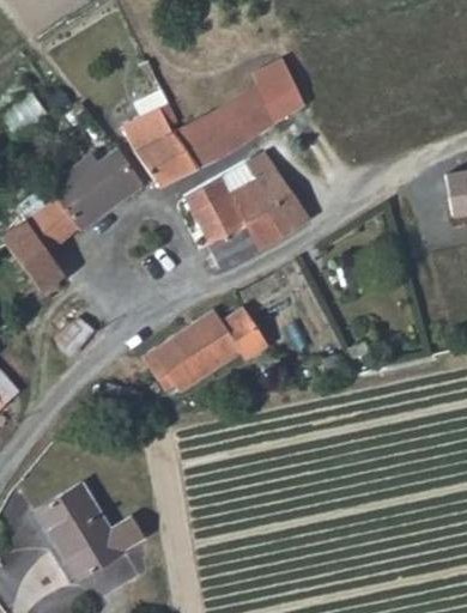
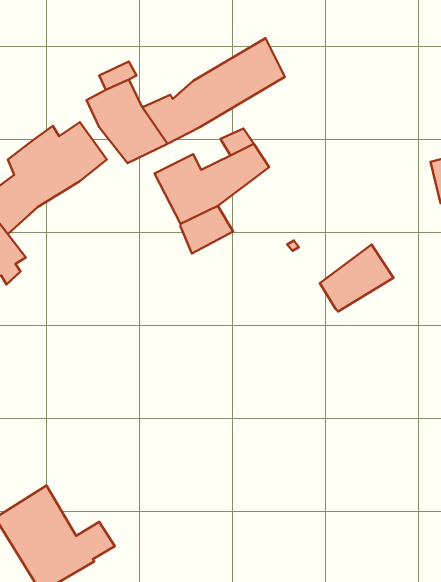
building: [242,188,310,250] -> [320,244,393,311]
building: [140,308,269,392] -> none

